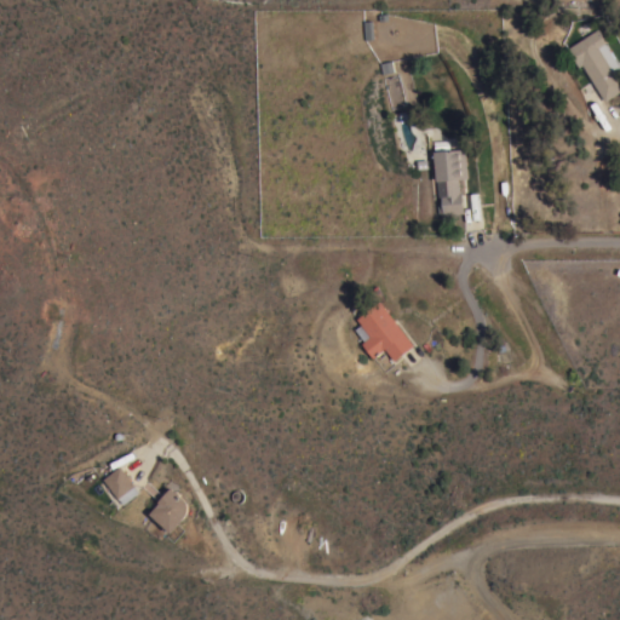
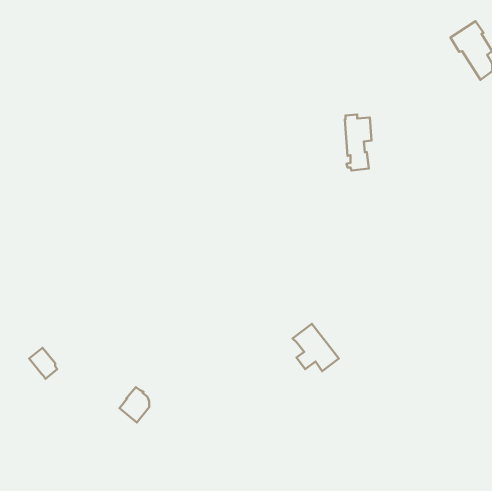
building: [355,302,413,361] -> [292,324,339,371]
building: [103,466,138,505] -> [29,348,57,379]

